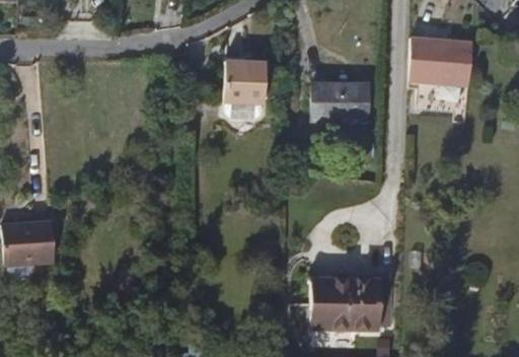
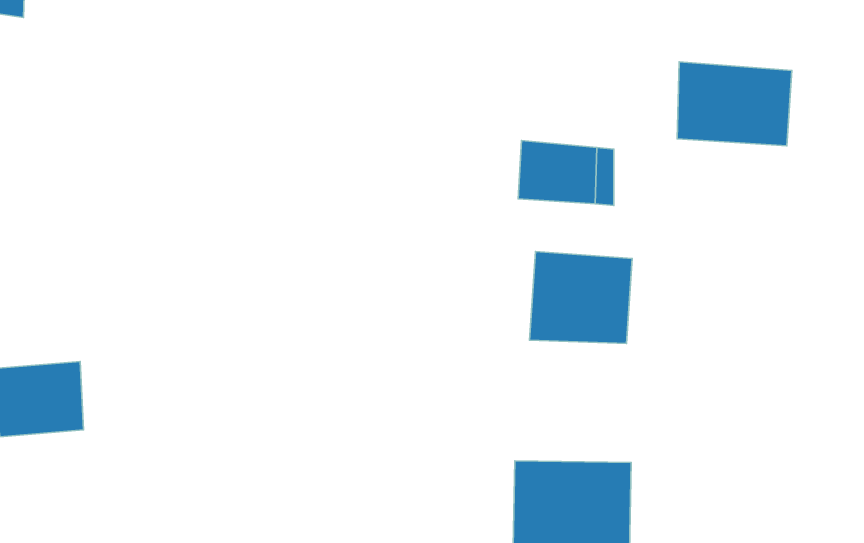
building: [223,61,267,104] -> none
building: none -> [529,251,632,344]

